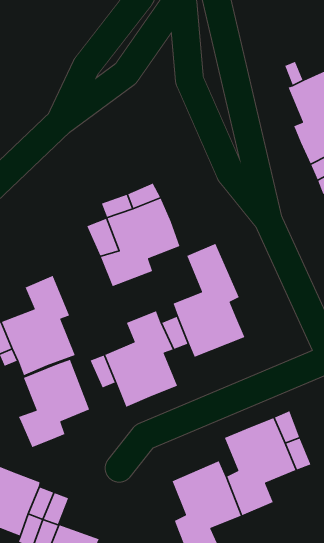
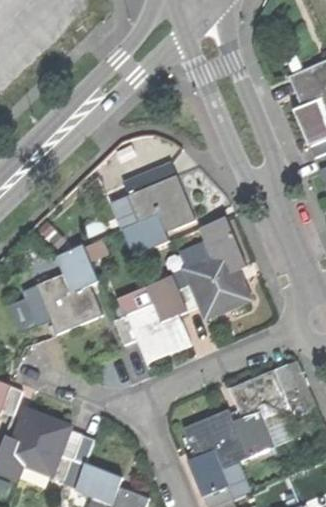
building: [18,359,90,448] -> none

